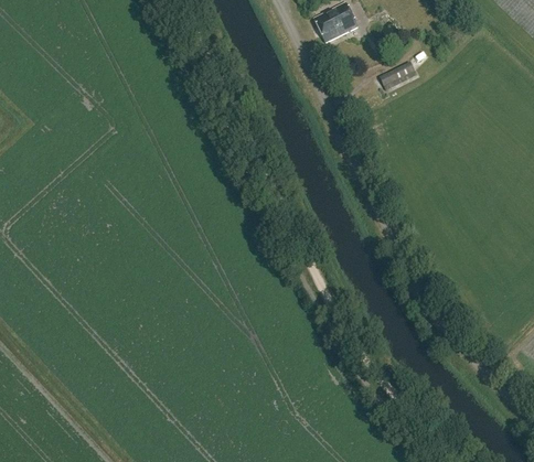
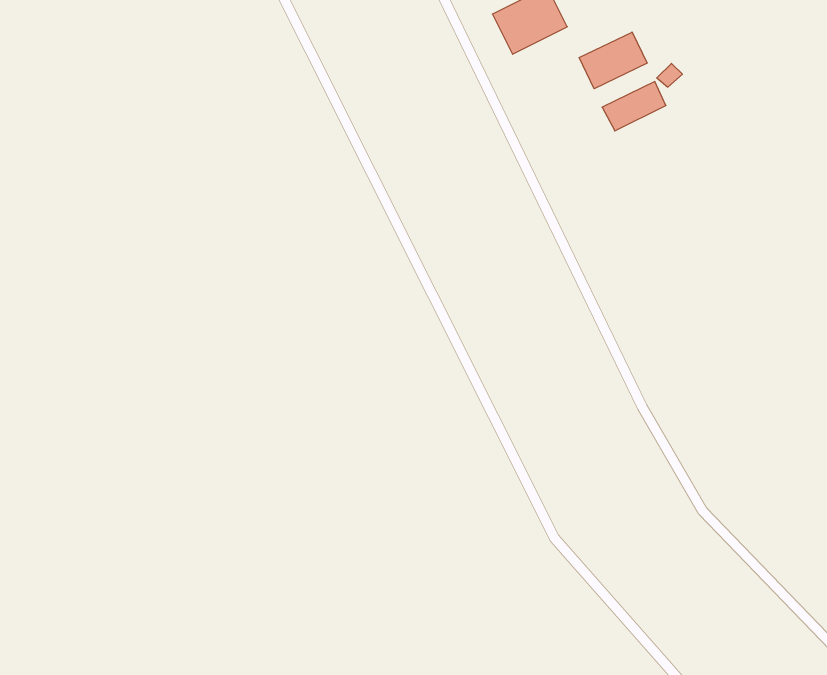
building: none -> [579,32,647,89]

